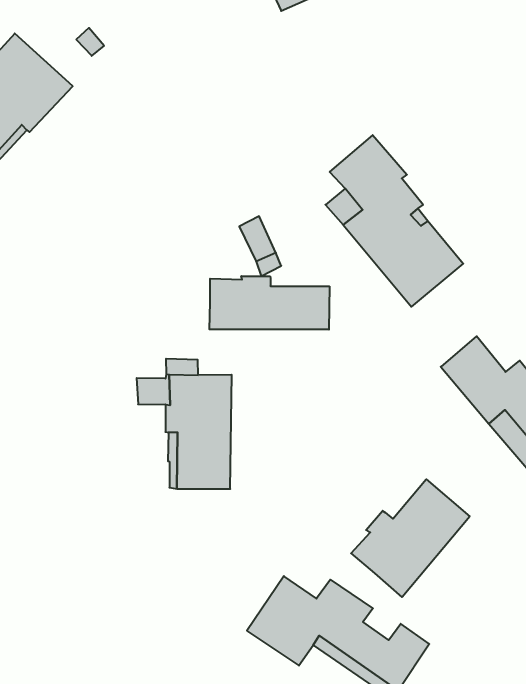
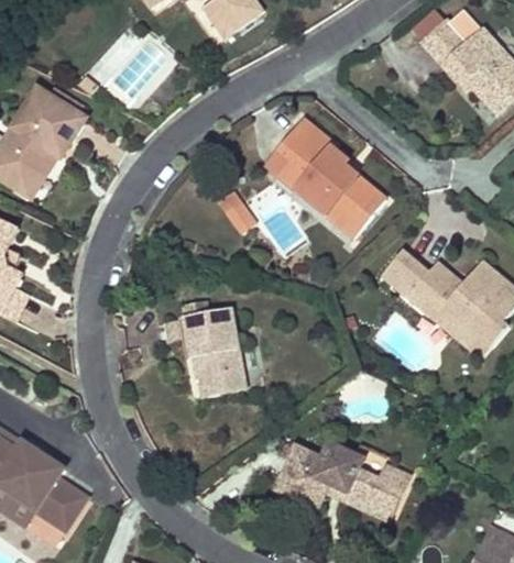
building: [209,276,329,330] -> none
building: [351,479,470,597] -> none

